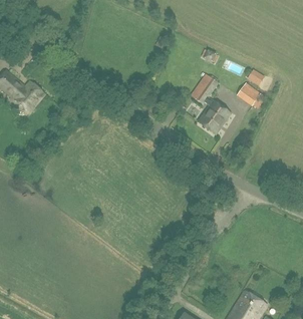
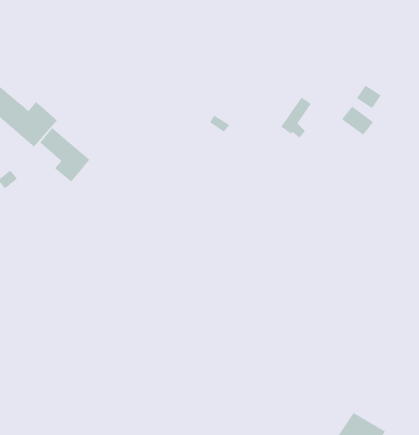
building: none -> [40,127,90,183]
building: [198,98,230,132] -> none

